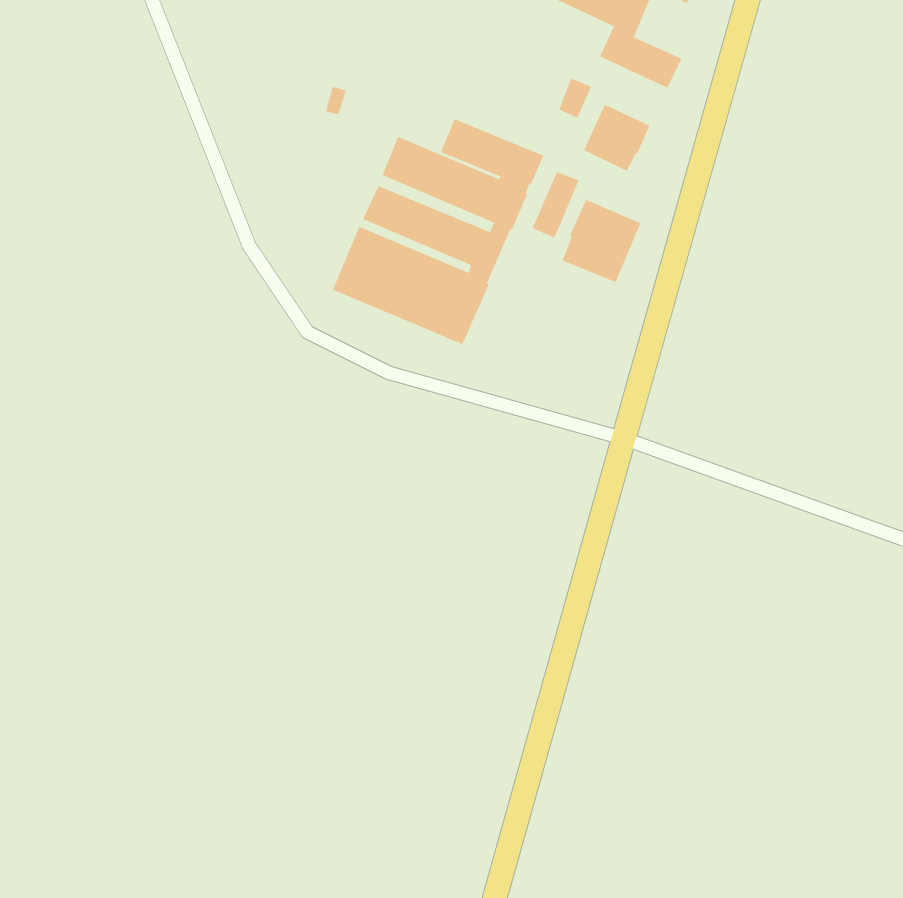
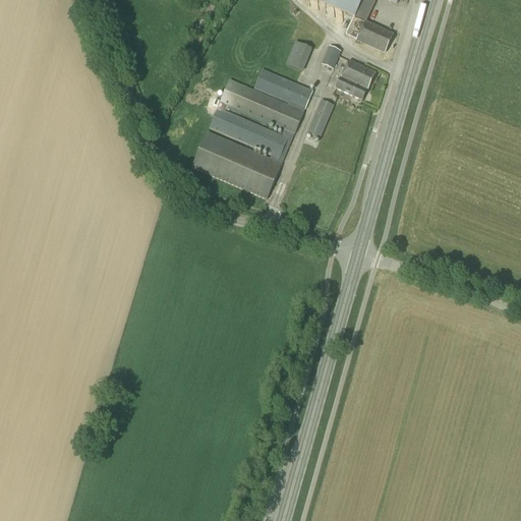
building: none -> [285,40,311,70]
building: [562,199,641,283] -> none

